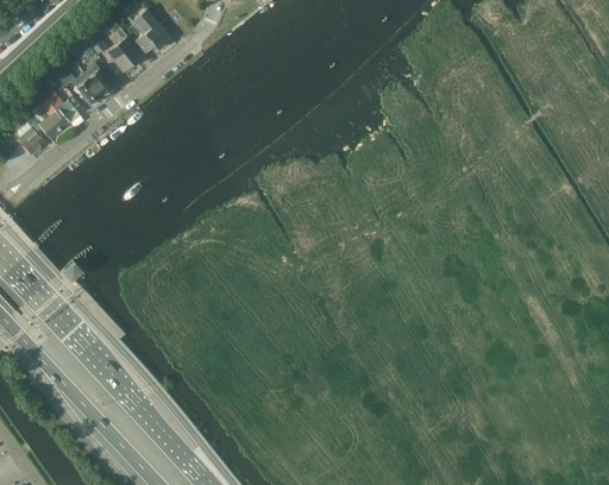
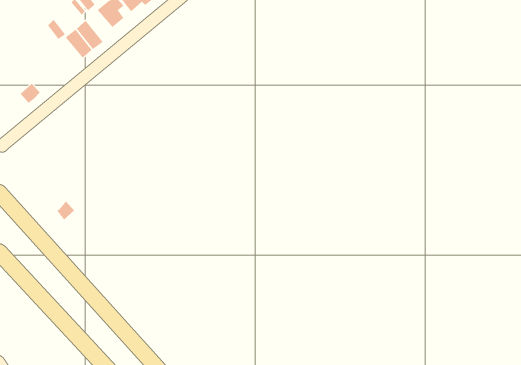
building: [34,97,75,140] -> none

